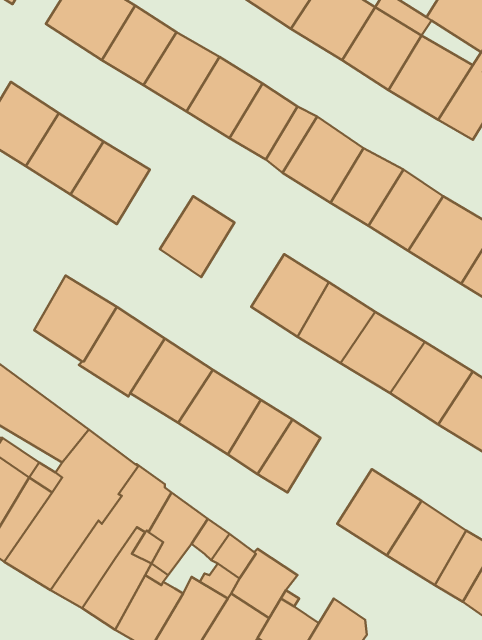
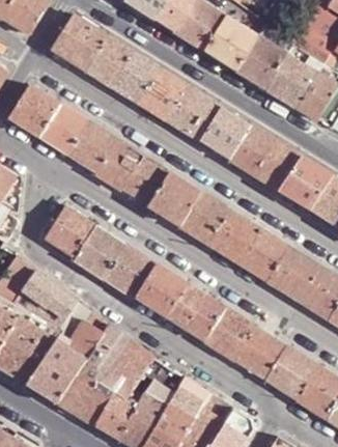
building: none -> [96,139,144,189]
building: none -> [149,172,201,225]
building: none -> [203,307,256,361]

